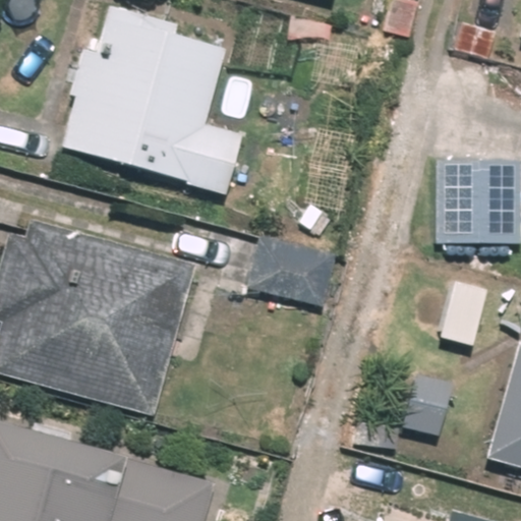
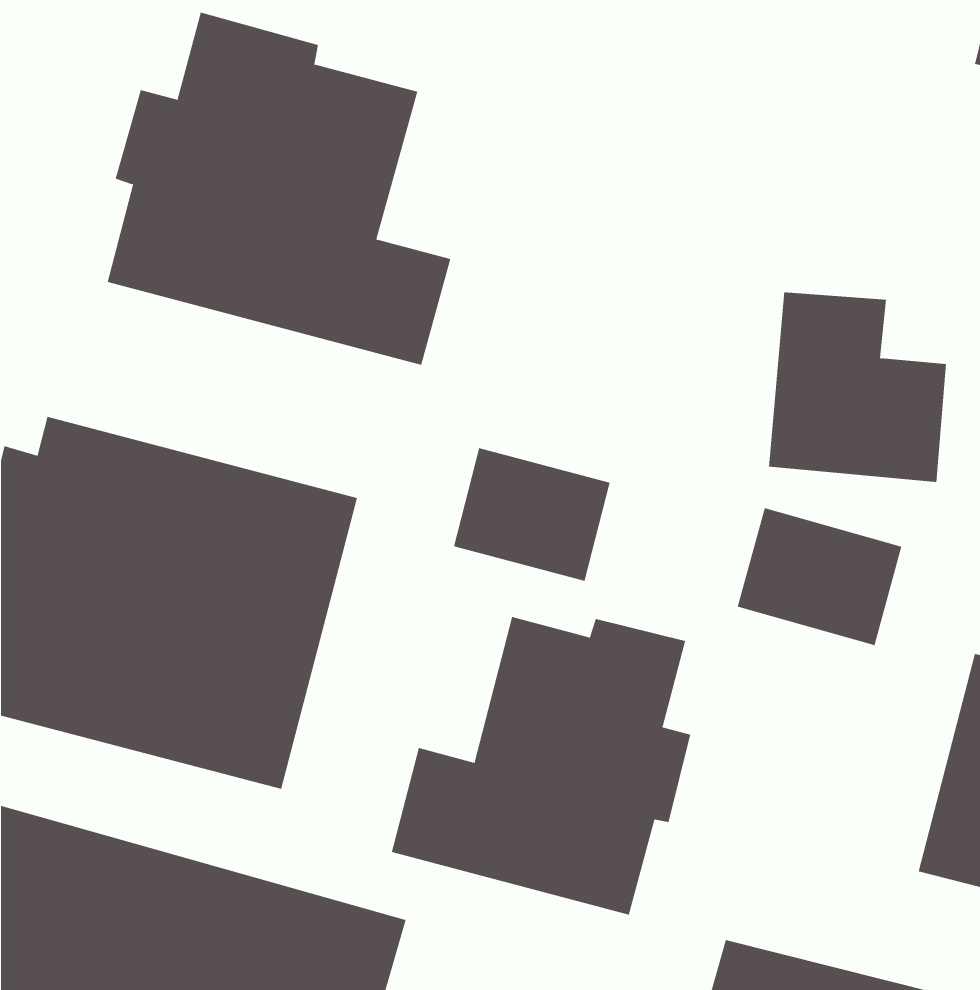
building: none -> [391,616,691,916]

